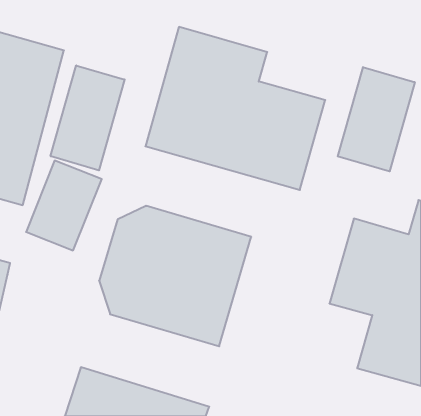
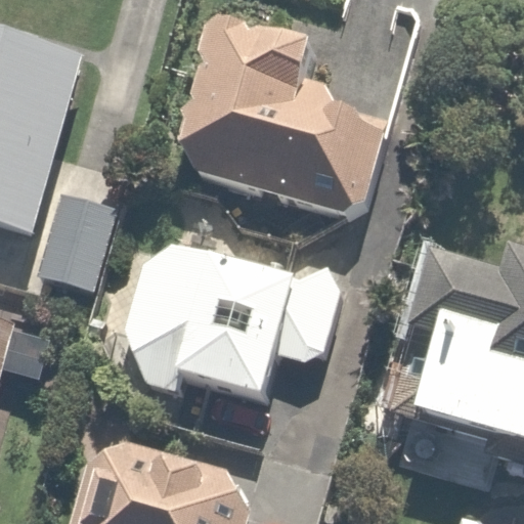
building: [51,65,125,170] -> none
building: [338,67,415,171] -> none

